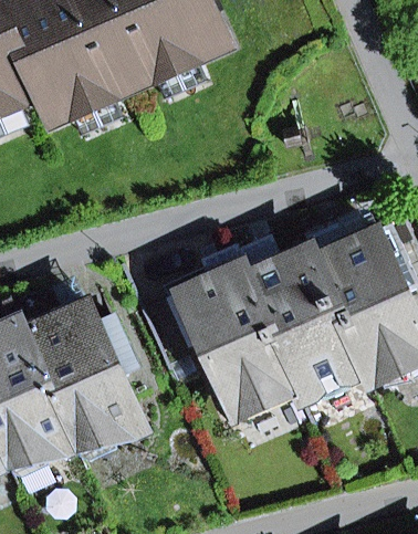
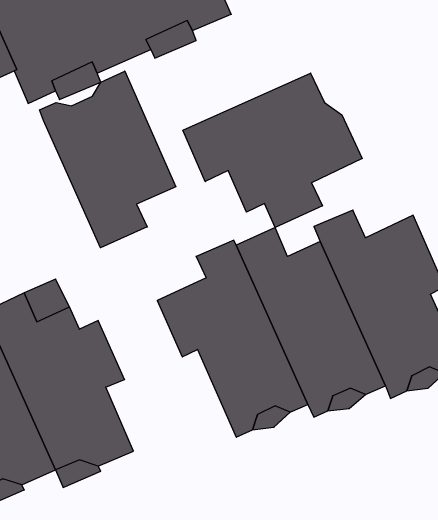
building: none -> [39,71,176,248]
building: none -> [183,73,362,228]

